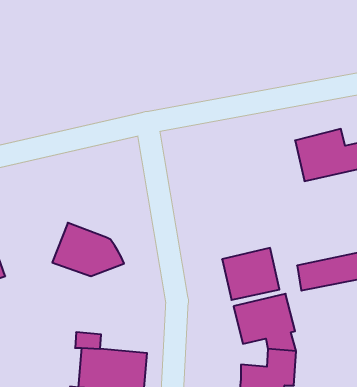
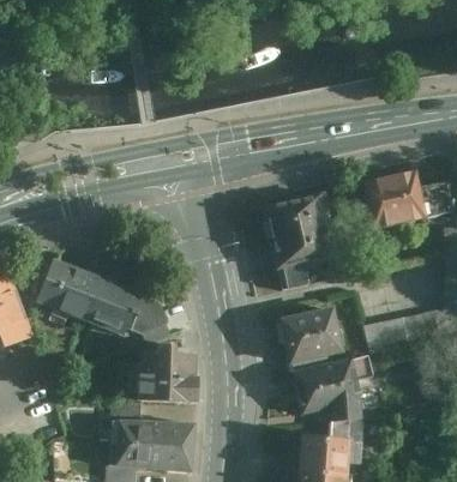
building: none -> [260,189,339,289]
building: none -> [35,258,100,321]
building: none -> [125,344,191,404]

